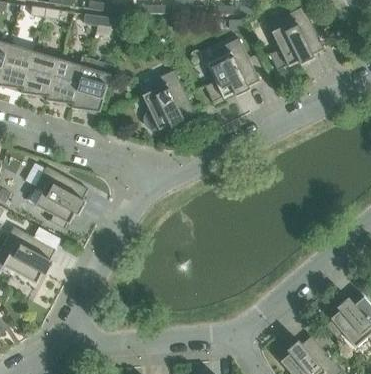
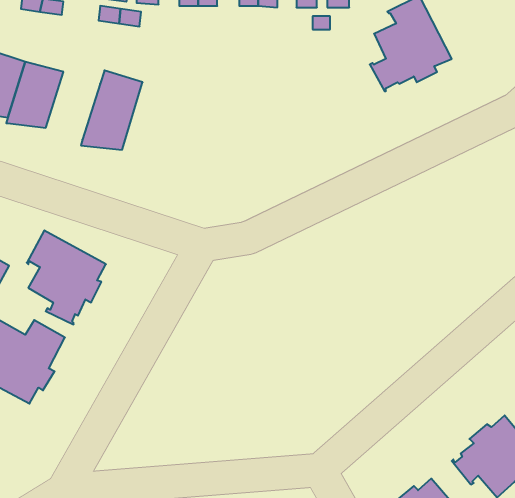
building: [203,37,258,102] -> none
building: [44,57,83,103] -> none
building: [140,68,193,129] -> none

